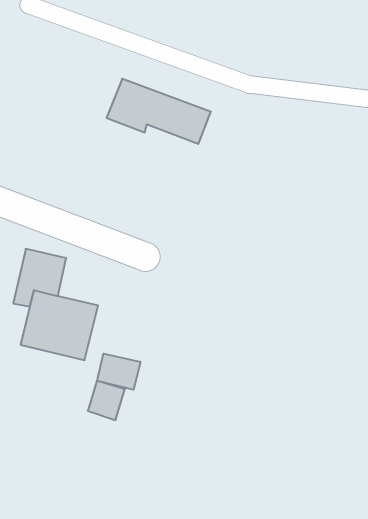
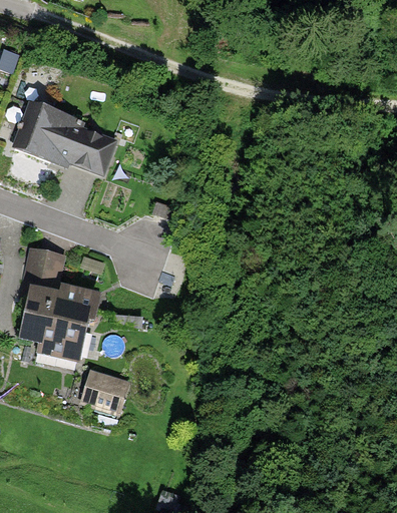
building: [107,79,211,144] -> [13,107,114,170]
building: [97,354,140,390] -> none

